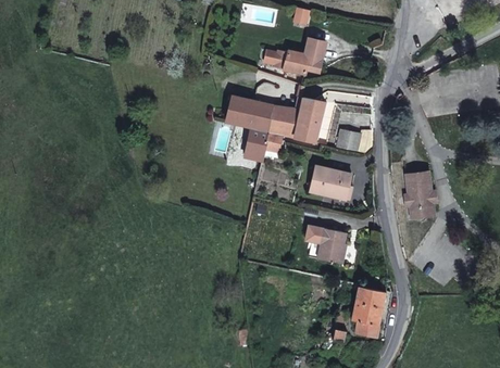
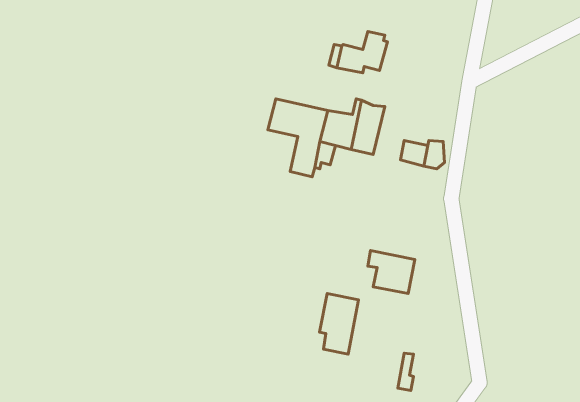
building: [309,167,349,200] -> none
building: [404,170,433,213] -> none
building: [353,285,386,337] -> [319,293,358,354]

